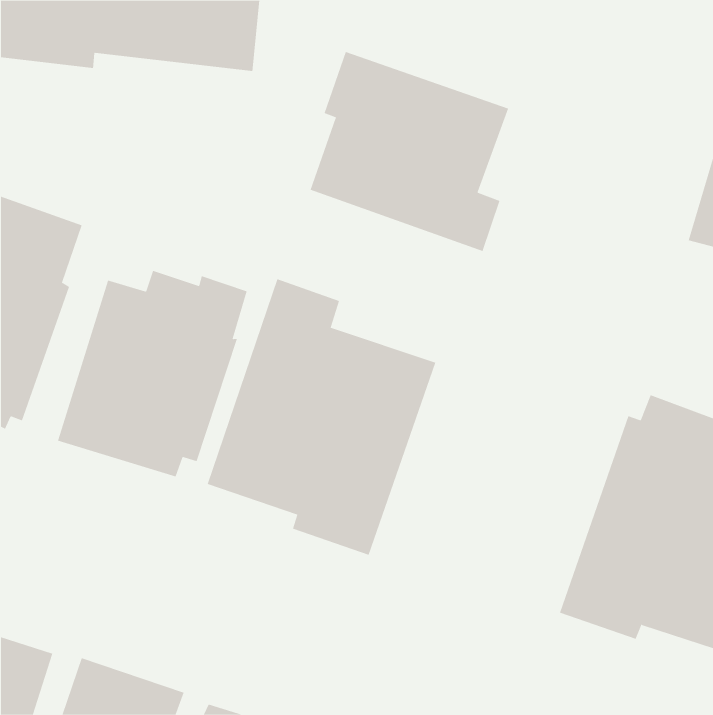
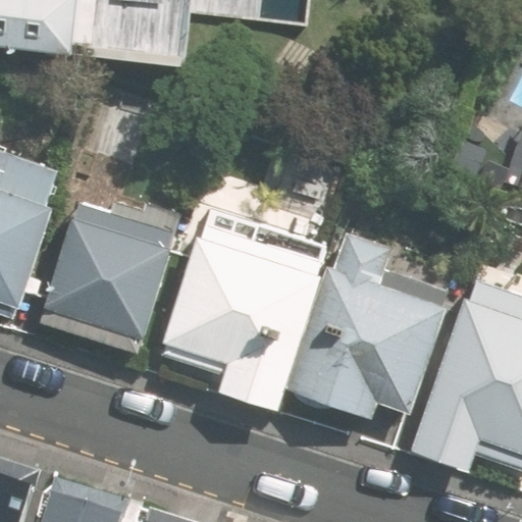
building: [310,51,509,252] -> none
building: none -> [281,241,440,423]

